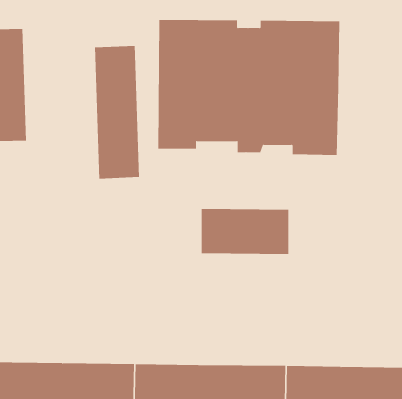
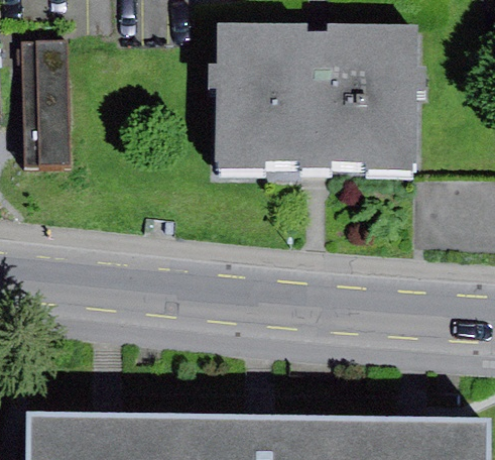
building: [94,45,139,179] -> none
building: [201,208,289,255] -> none

